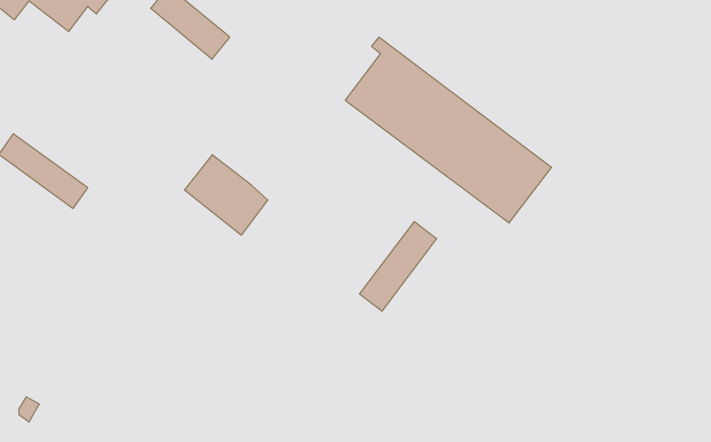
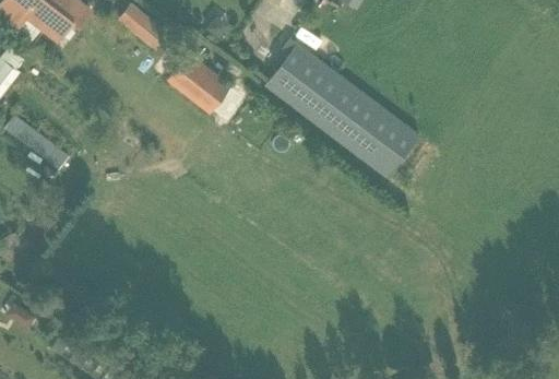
building: [184,155,268,235] -> [167,55,229,115]
building: [360,222,437,311] -> none

